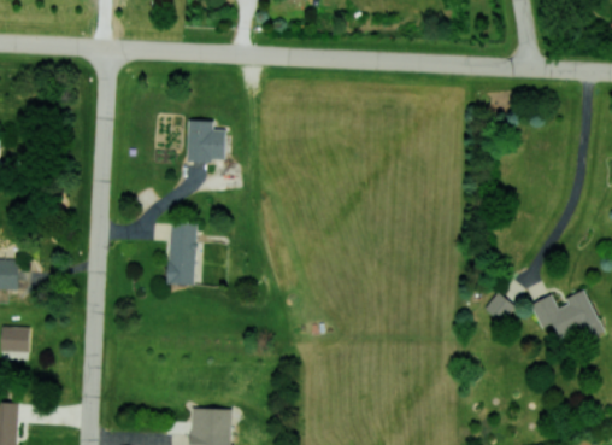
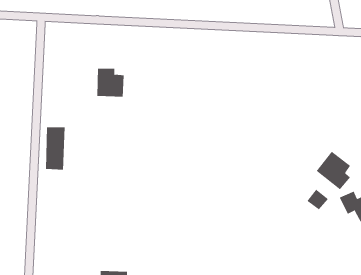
building: [169,223,198,285] -> [45,127,66,170]
building: none -> [316,151,351,190]

